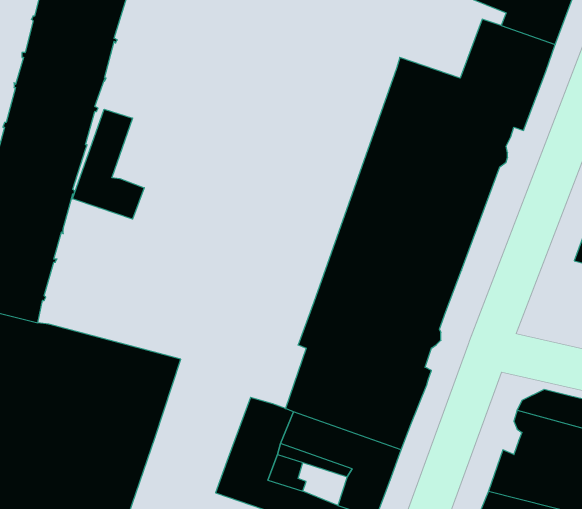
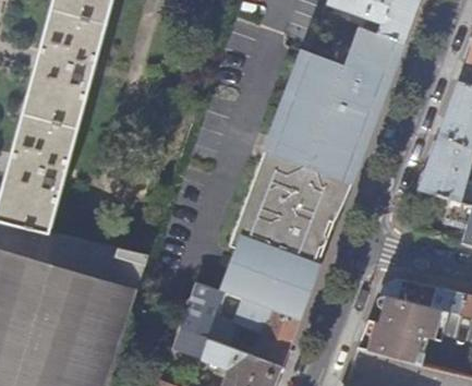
building: [73,109,144,219] -> none

